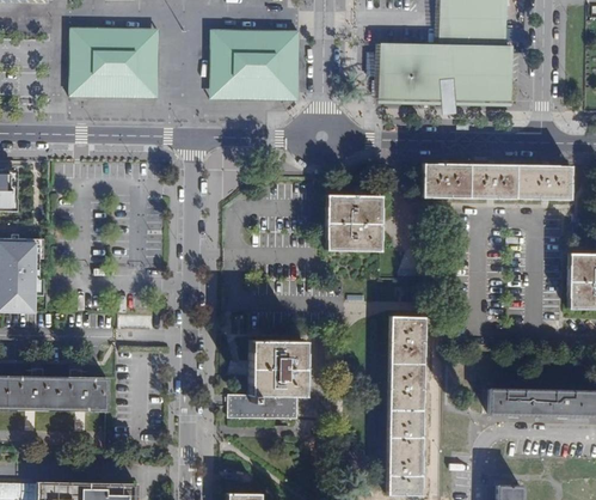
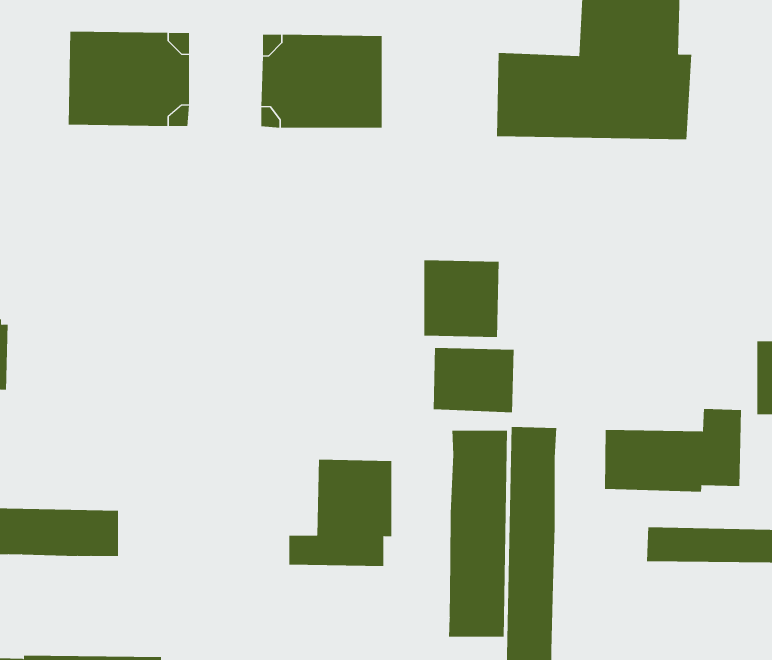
building: [423,164,572,199] -> none
building: none -> [433,347,514,413]
building: none -> [604,408,741,492]
building: none -> [448,430,508,637]

